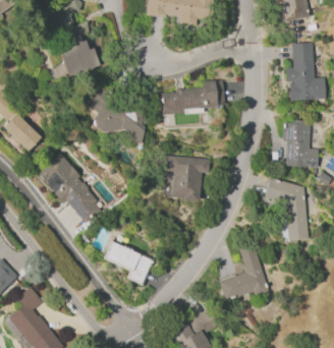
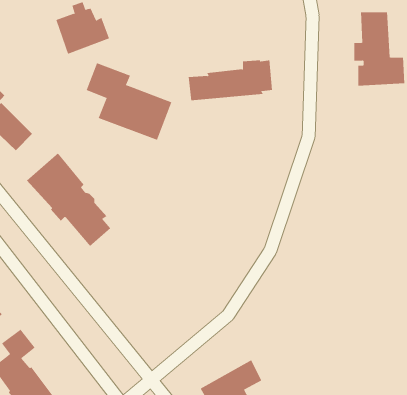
building: [281,123,319,169] -> none
building: [163,155,210,202] -> none
building: [265,177,309,239] -> none
building: [104,241,155,286] -> none
building: [217,245,271,301] -> none

